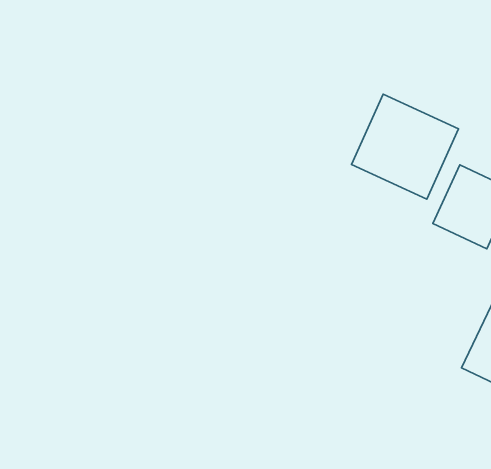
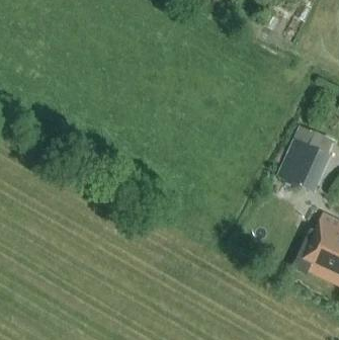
building: [352,94,458,199] -> none

